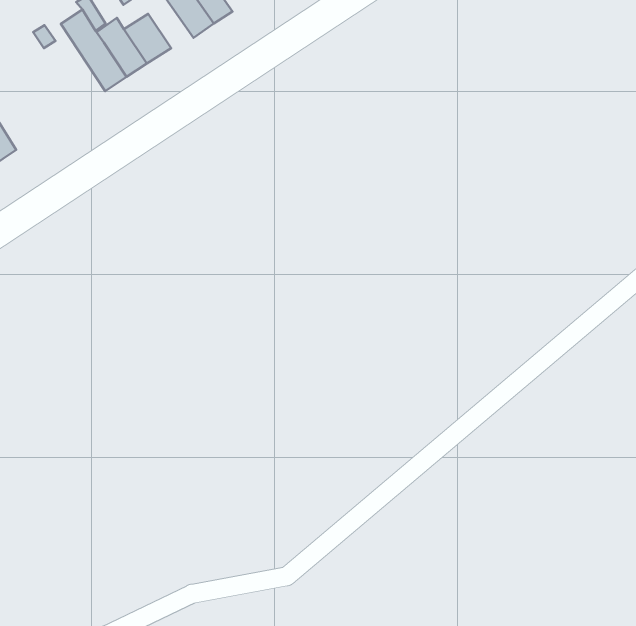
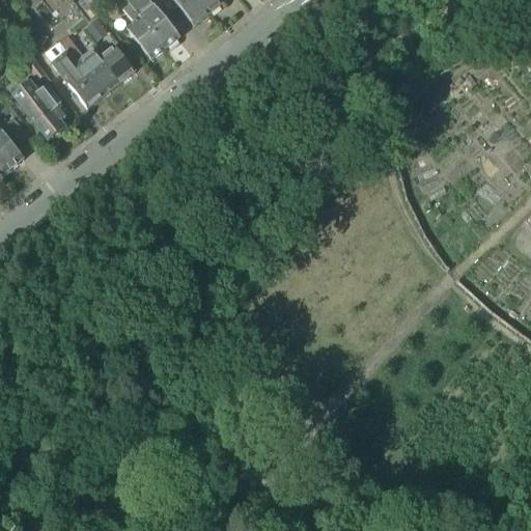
building: none -> [9,74,63,138]

